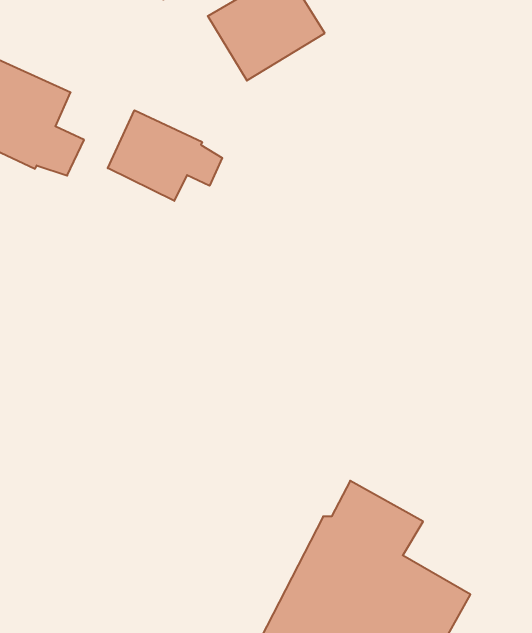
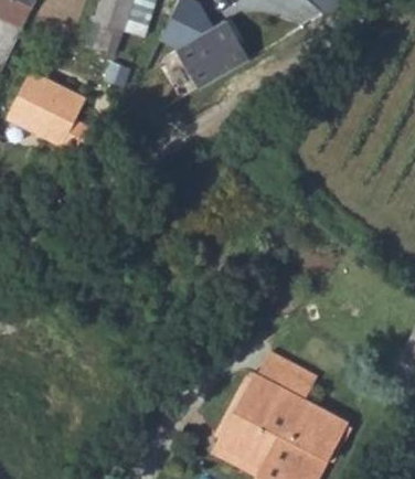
building: [108,110,222,201] -> none

